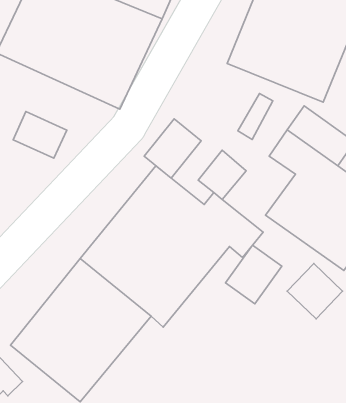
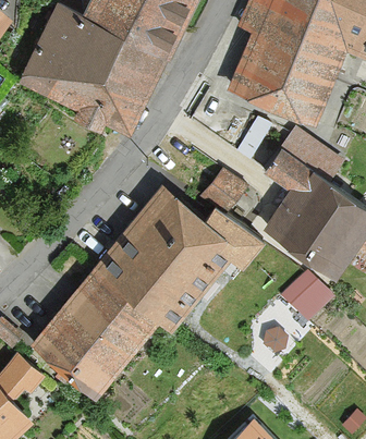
building: [13,112,67,158] -> none
building: [144,119,201,178] -> none
building: [226,245,282,304] -> none

